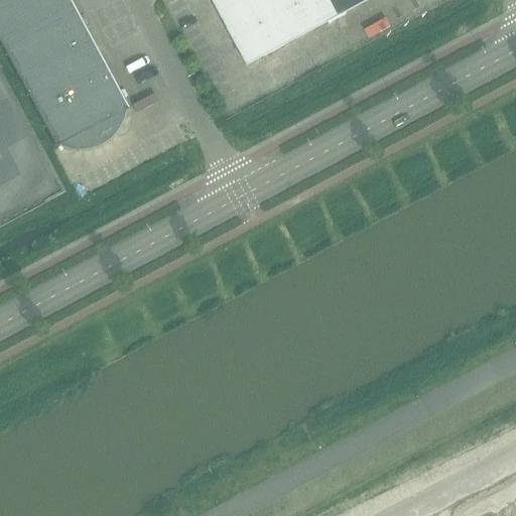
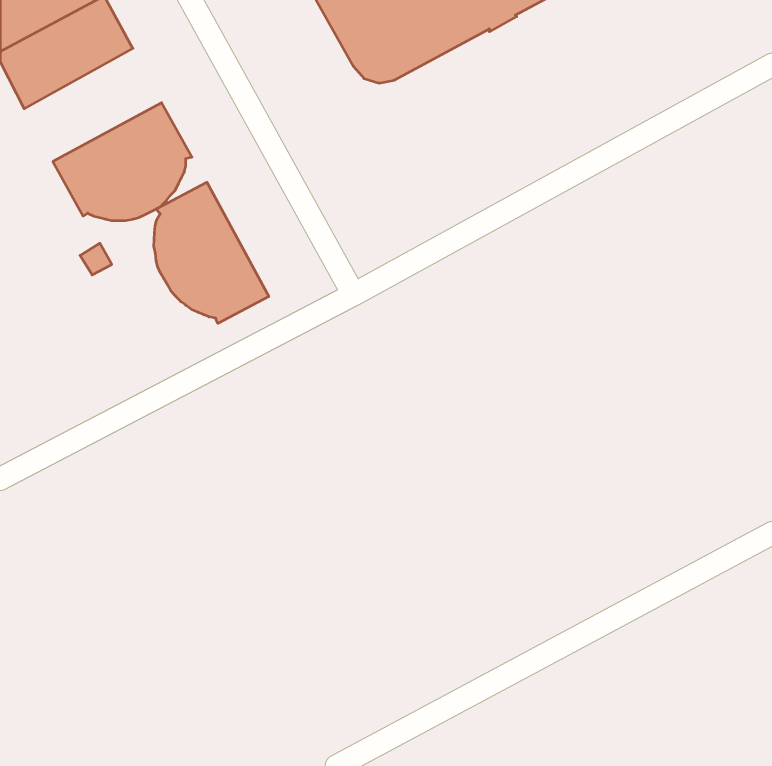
building: [16,32,108,108] -> none
building: none -> [154,182,269,323]

